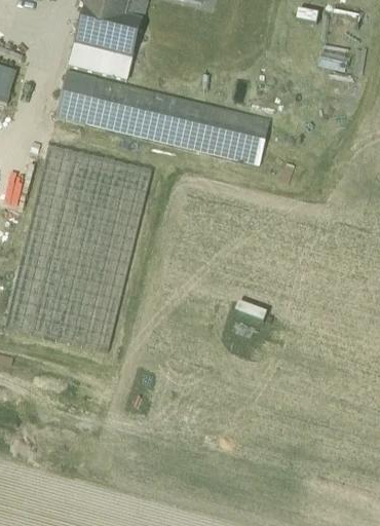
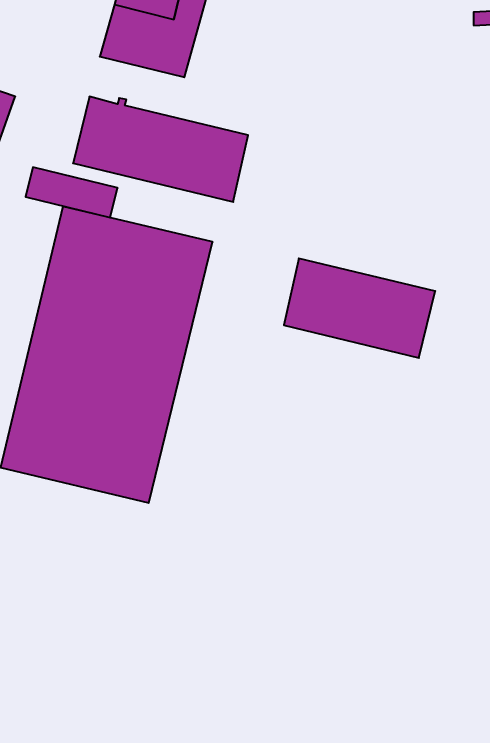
building: [69,42,132,77] -> [26,167,118,218]
building: [166,97,271,165] -> [284,258,435,358]

